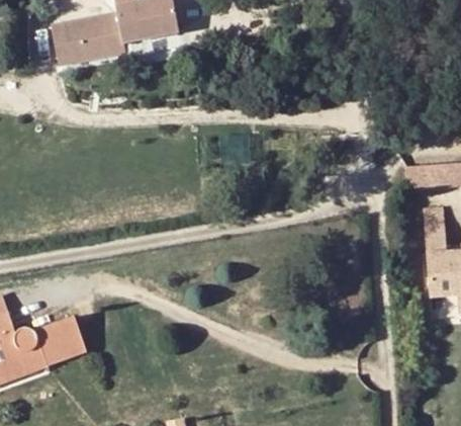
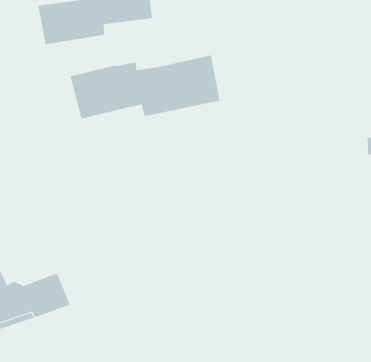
building: none -> [70,54,220,119]

